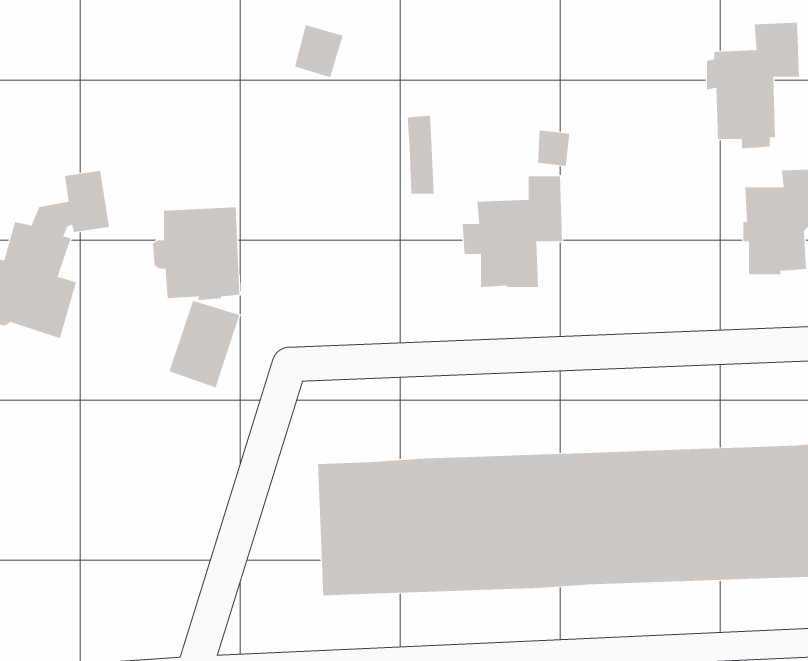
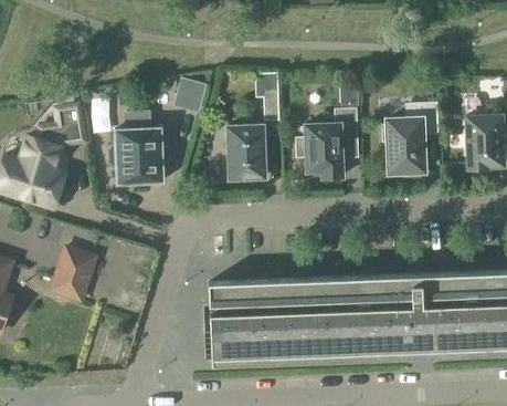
building: [706,22,800,149] -> [382,102,439,178]
building: [294,25,344,78] -> [176,80,205,112]
building: none -> [228,125,266,179]
building: [169,300,240,388] -> [52,248,95,301]

